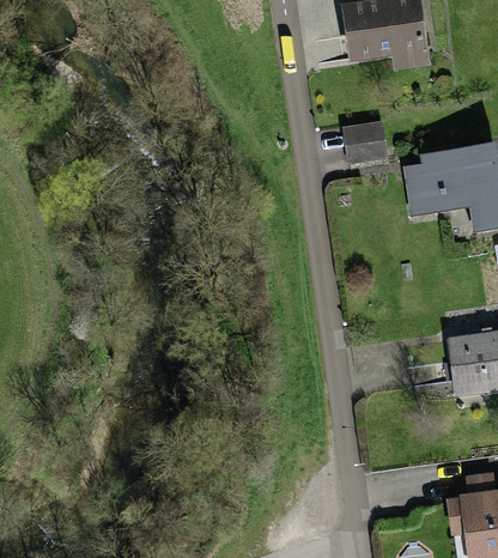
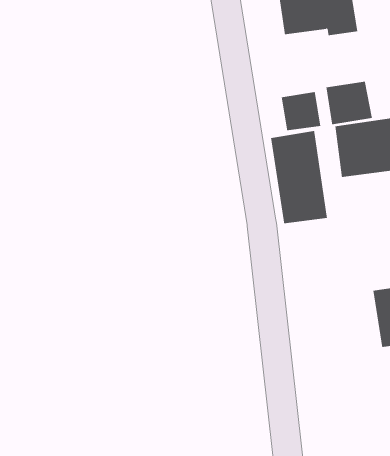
building: none -> [326,81,373,125]
building: none -> [271,130,327,224]

